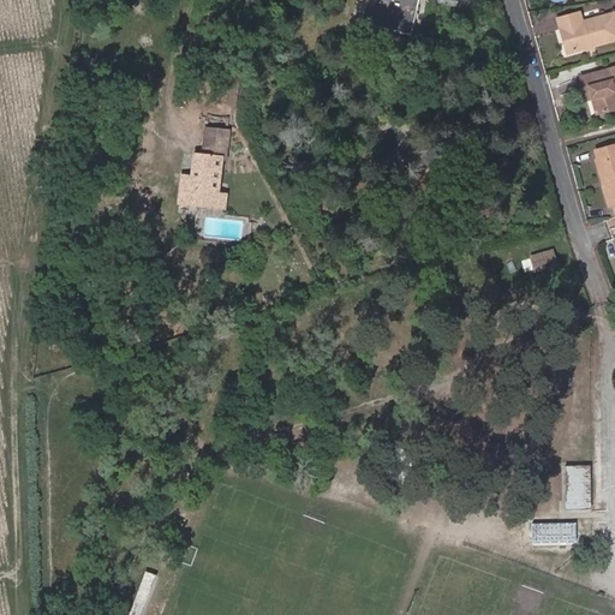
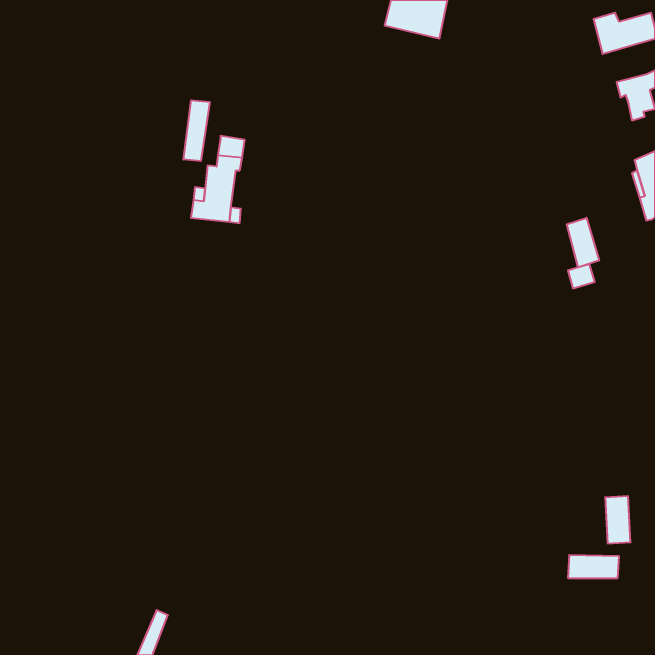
building: none -> [183,100,210,161]
building: none -> [567,218,599,267]

